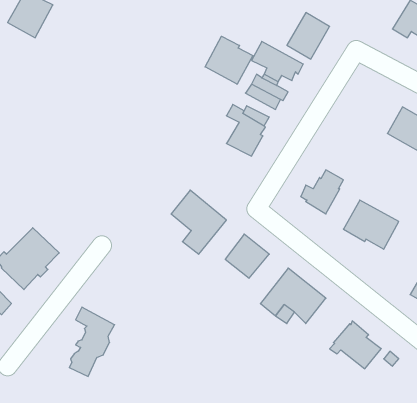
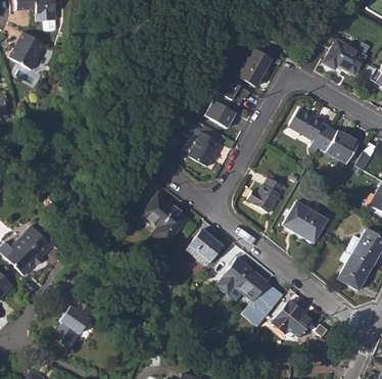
building: [205,36,253,84] -> none
building: none -> [289,108,331,149]
building: none -> [242,281,284,327]

